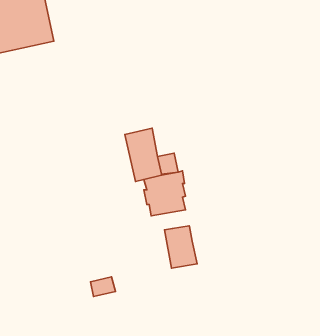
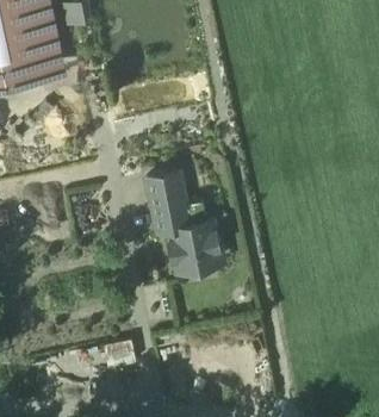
building: [165,226,197,268] -> none

